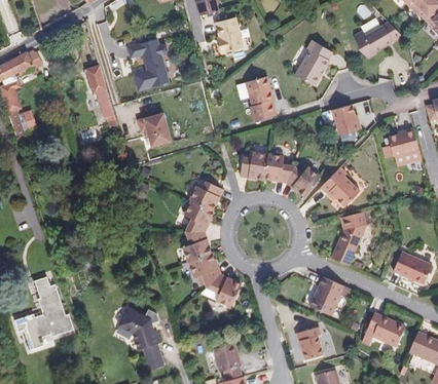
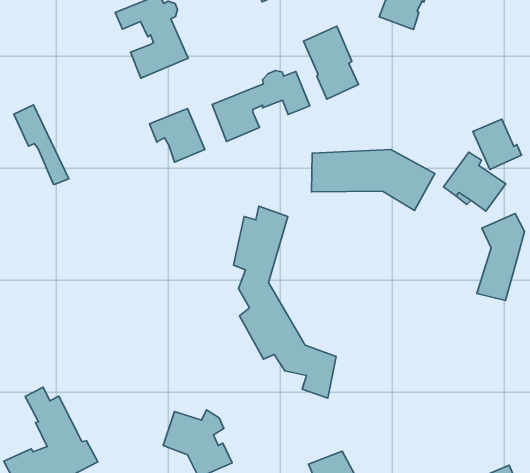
building: [85,65,114,117] -> [14,105,69,184]
building: none -> [212,71,310,141]
building: [332,104,361,135] -> [473,119,522,169]
building: [309,276,344,315] -> none
building: [296,327,323,360] -> none

